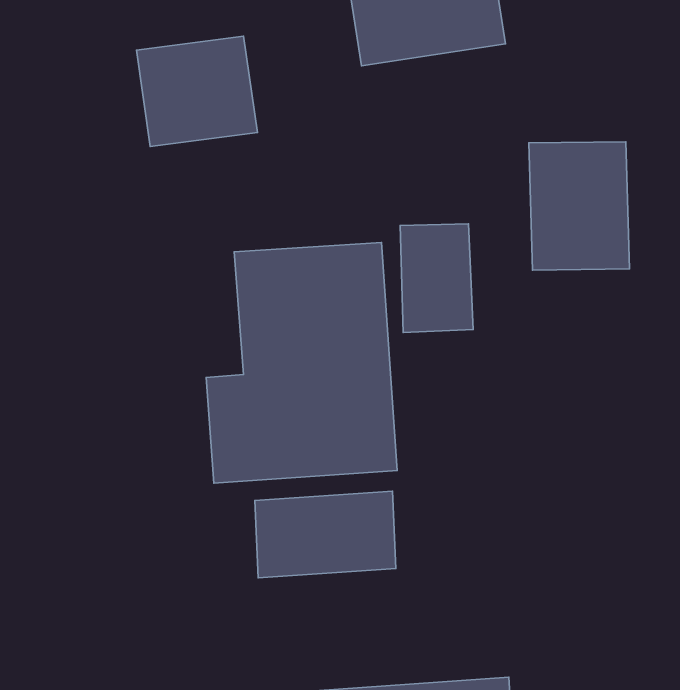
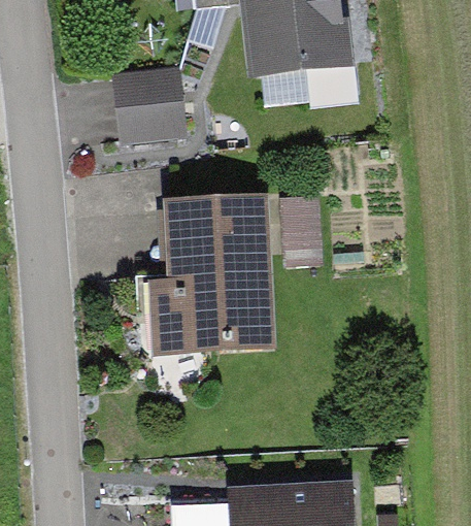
building: [529,142,629,270] -> none
building: [255,491,396,578] -> none

